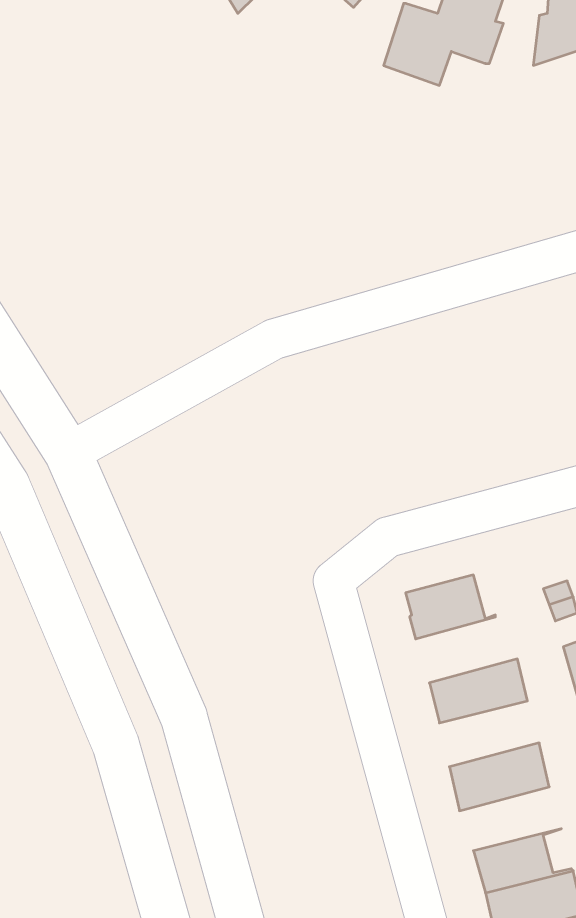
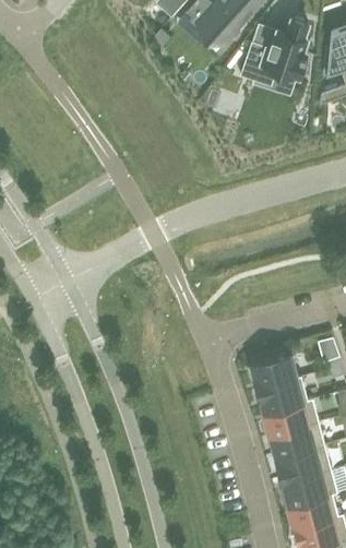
building: none -> [256,379,312,415]
building: none -> [270,425,324,461]
building: none -> [281,472,336,507]

